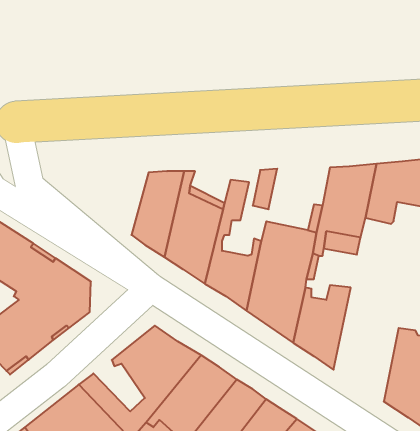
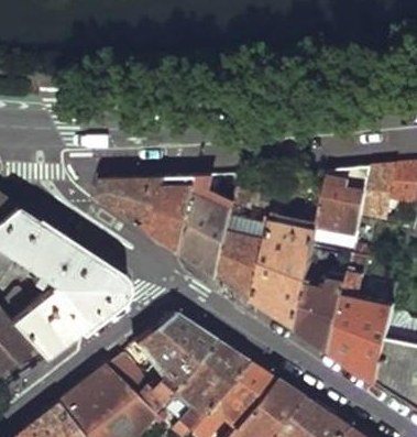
building: none -> [99,176,168,232]
building: none -> [334,254,396,382]

